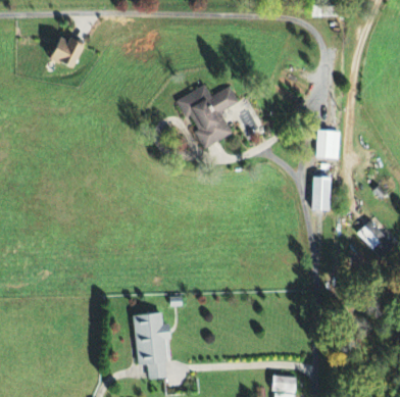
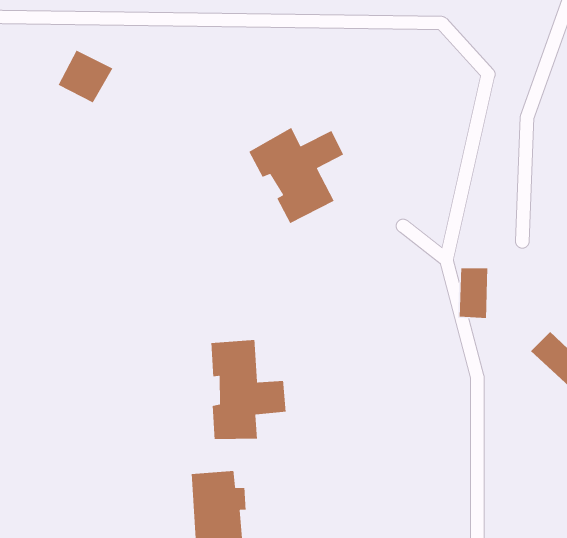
building: [315,130,341,159] -> none
building: none -> [211,339,287,440]

